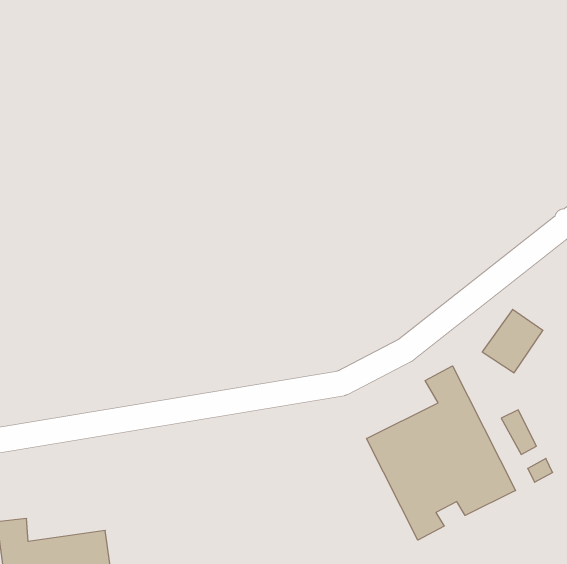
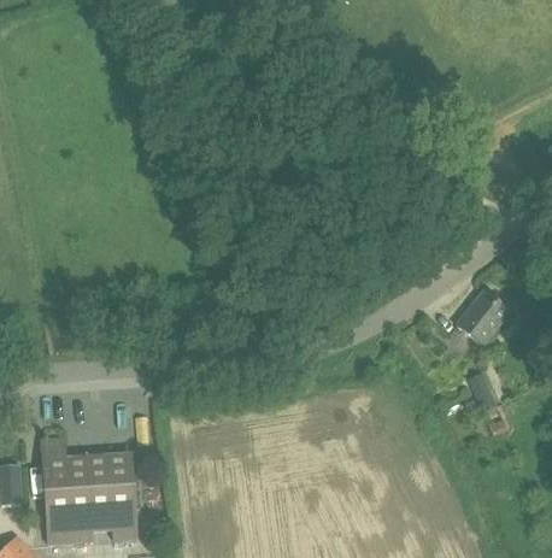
building: [367,366,516,540] -> none

